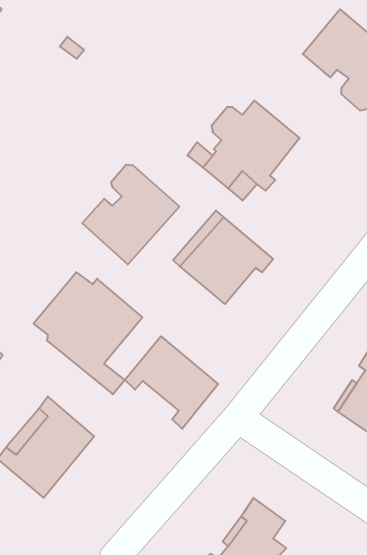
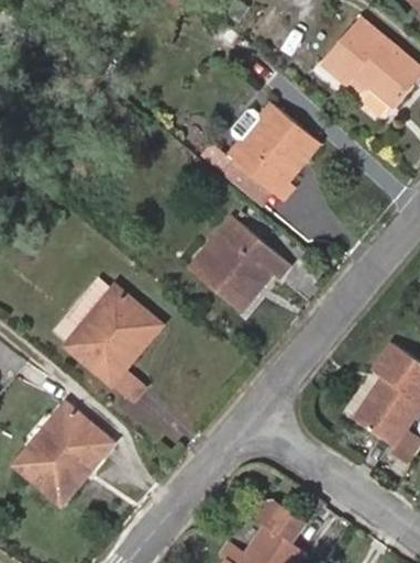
building: [82,165,179,265] -> none
building: [125,336,218,429] -> none

